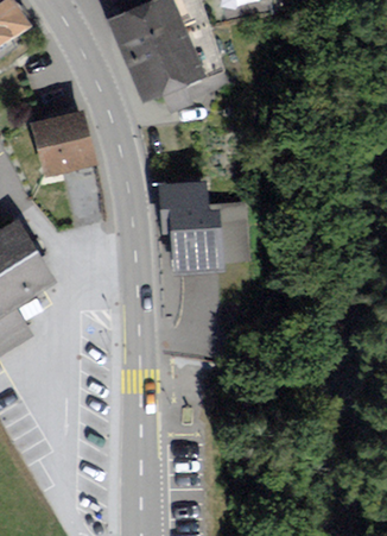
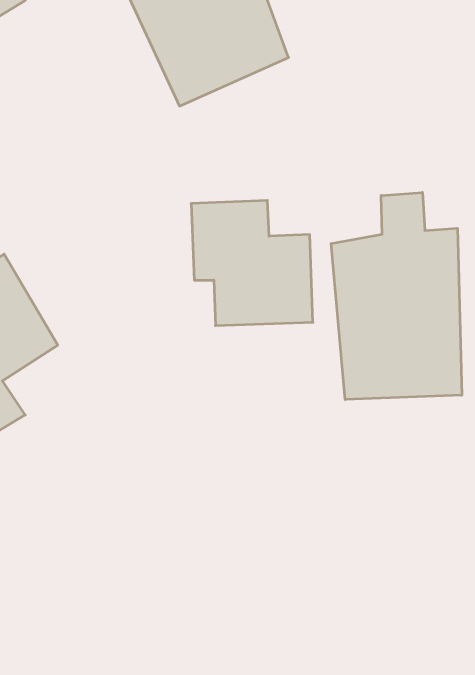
building: [30,115,93,177] -> none
building: none -> [331,192,462,400]

